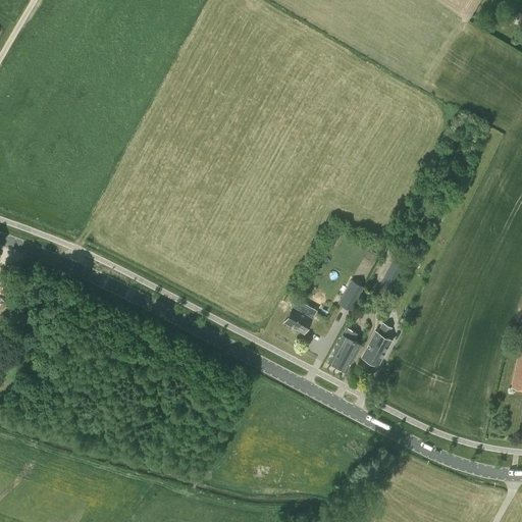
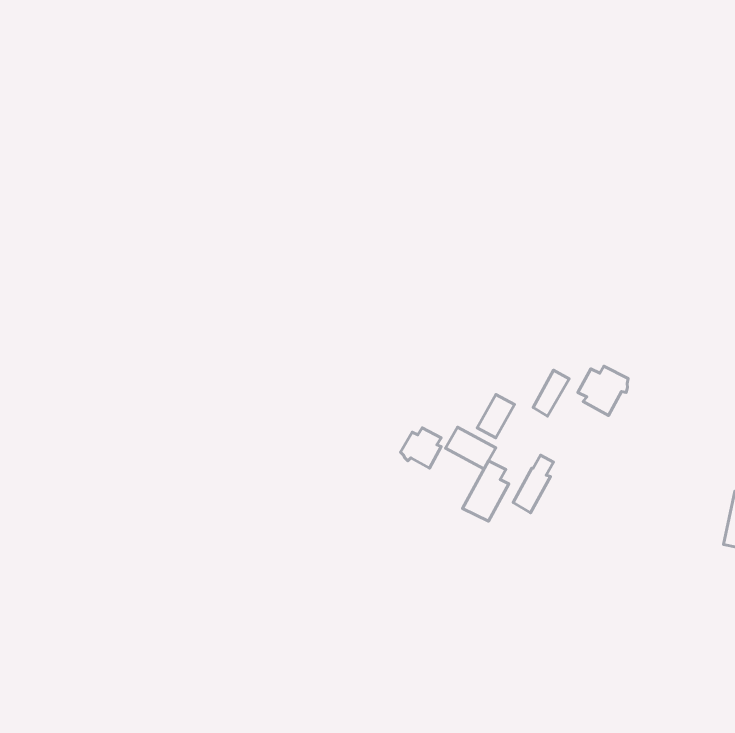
building: none -> [578,366,628,415]
building: none -> [446,427,496,469]

